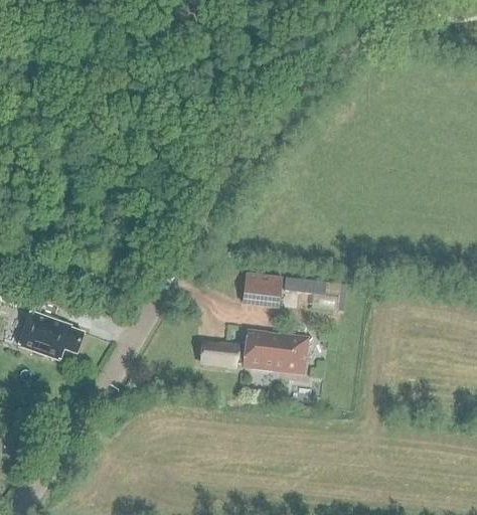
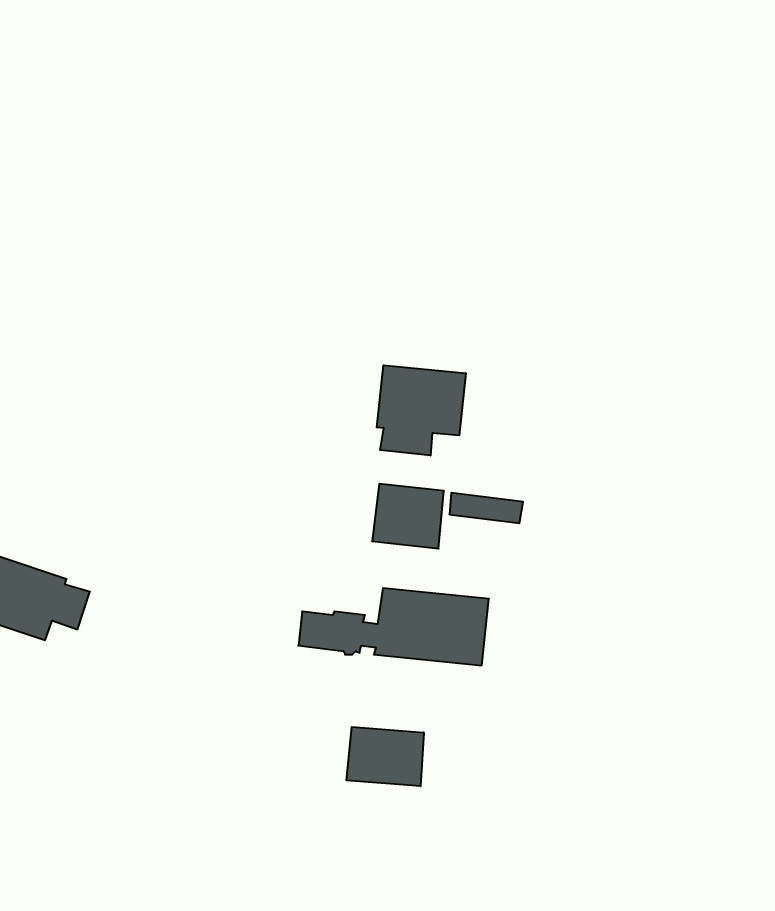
building: none -> [377,365,466,456]
building: none -> [347,727,424,786]

